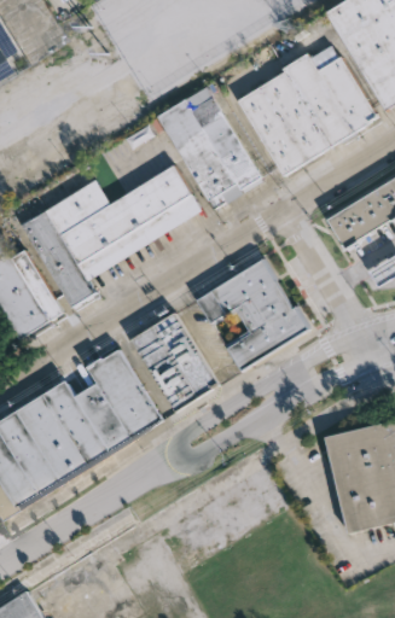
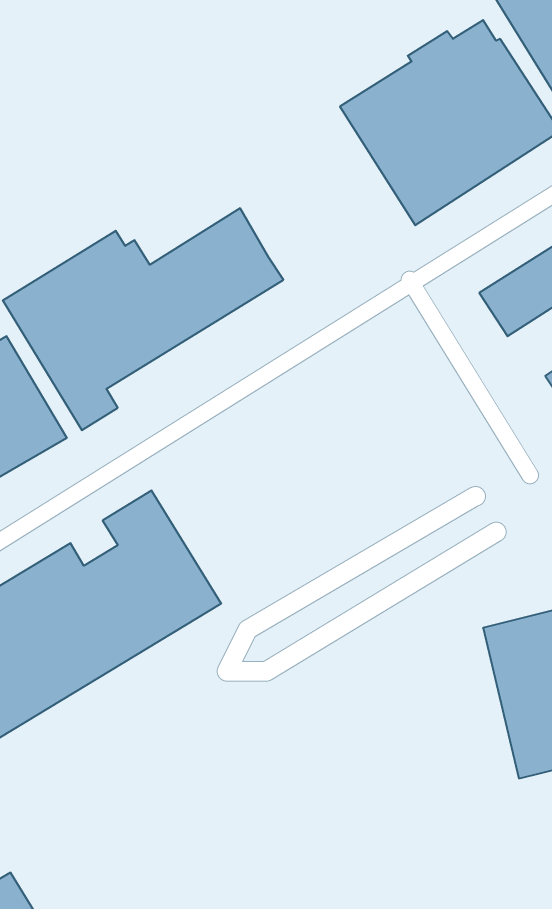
building: [157,84,266,210] -> none
building: [193,255,307,368] -> none
building: [133,314,221,413] -> none

